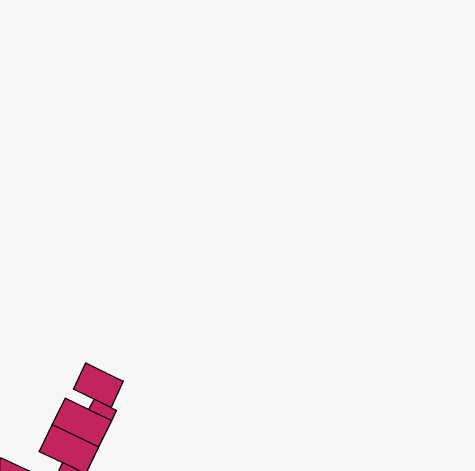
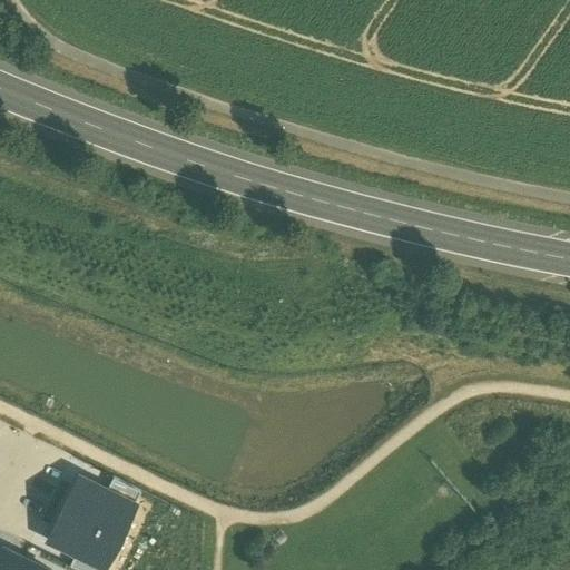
building: [74,363,123,407] -> none

